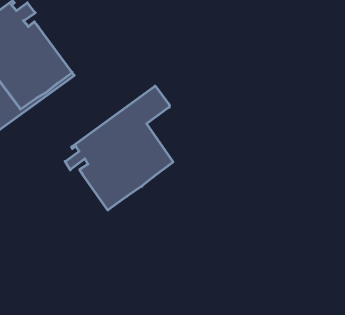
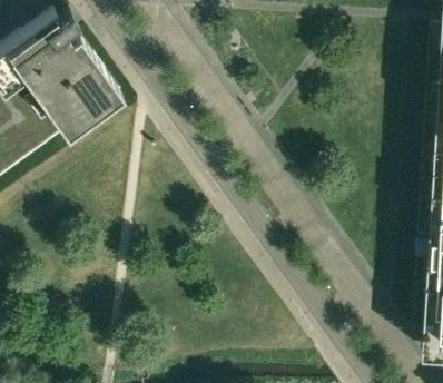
building: [65,86,173,210] -> none

